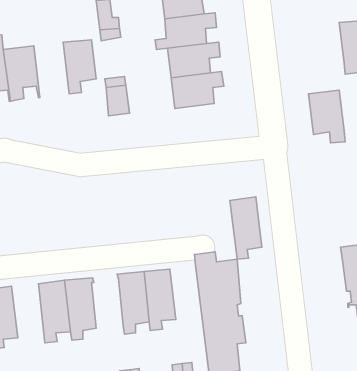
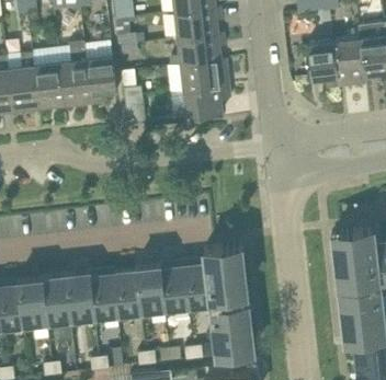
building: none -> [60,42,92,108]
building: [309,90,345,143] -> [306,42,339,89]
building: [230,197,262,259] -> [182,258,211,314]
building: none -> [112,270,140,322]
building: none -> [41,275,72,343]

